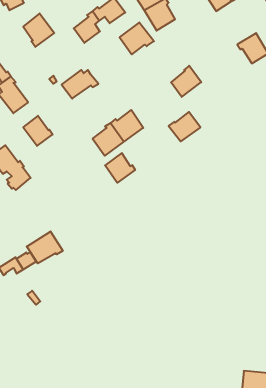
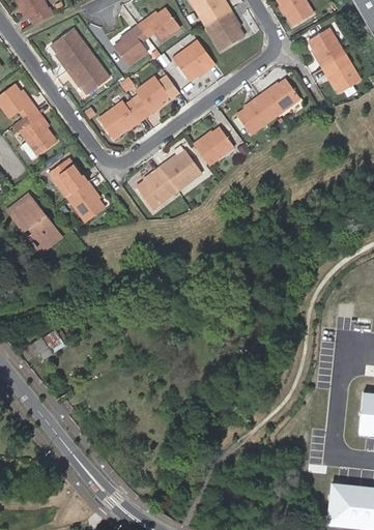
building: none -> [308,27,346,68]
building: none -> [66,54,109,94]
building: none -> [137,76,180,118]
building: none -> [261,80,300,116]
building: [169,112,200,141] -> [195,127,235,165]
building: none -> [68,182,105,222]
building: [105,153,135,183] -> none
building: [27,231,63,263] -> none

